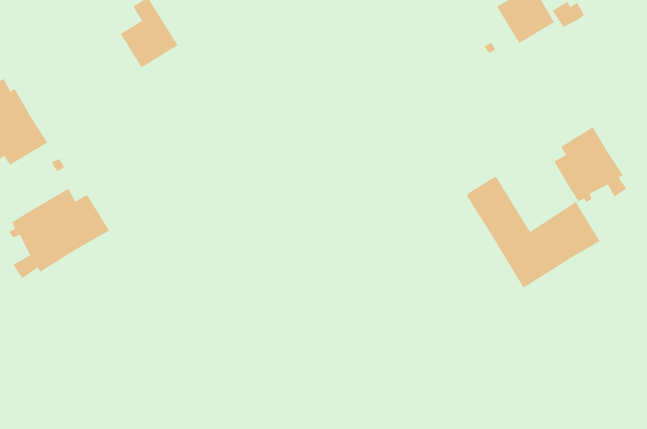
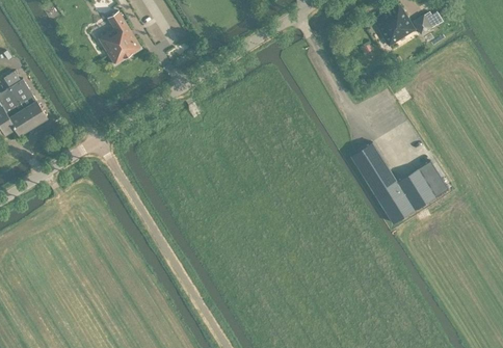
building: [553,126,627,203] -> none
building: [9,188,110,279] -> none

